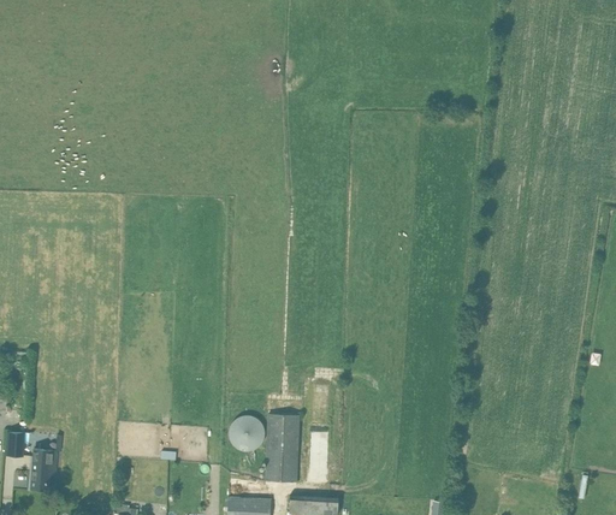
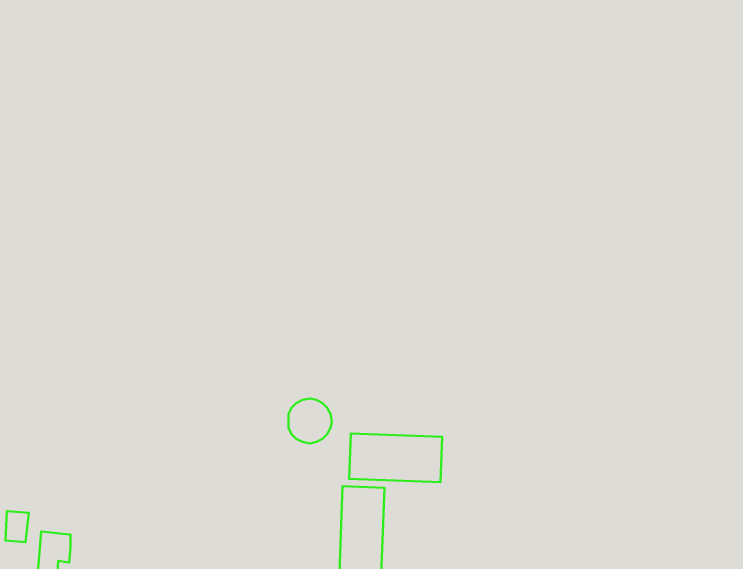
building: none -> [349,434,442,482]
building: [230,414,263,449] -> [288,398,332,443]

